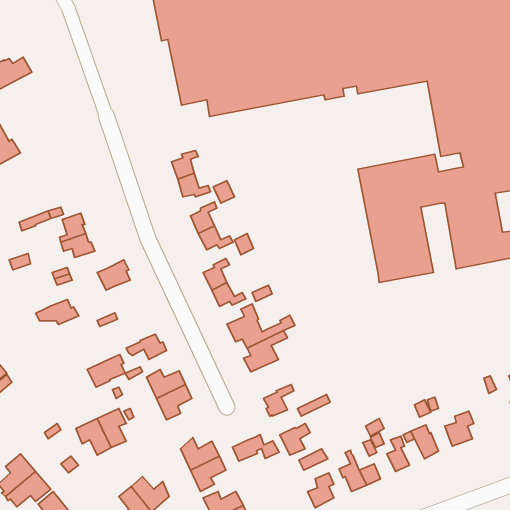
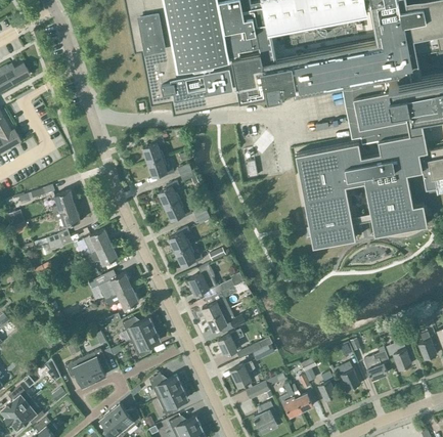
building: [36,299,79,325] -> [84,246,119,266]
building: [87,354,125,387] -> [99,274,130,301]
building: none -> [387,340,411,372]
building: [232,435,279,461] -> [208,310,246,332]

